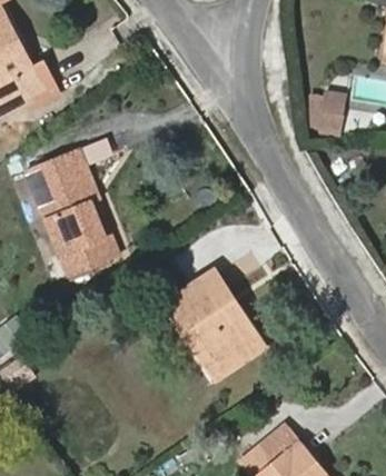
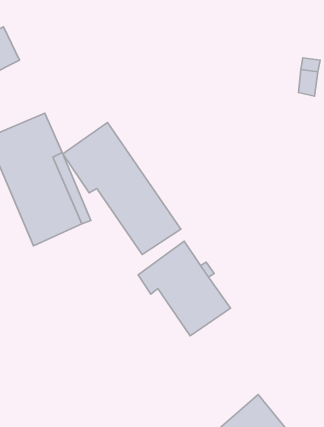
building: none -> [63,123,181,254]
building: [184,318,268,378] -> none

